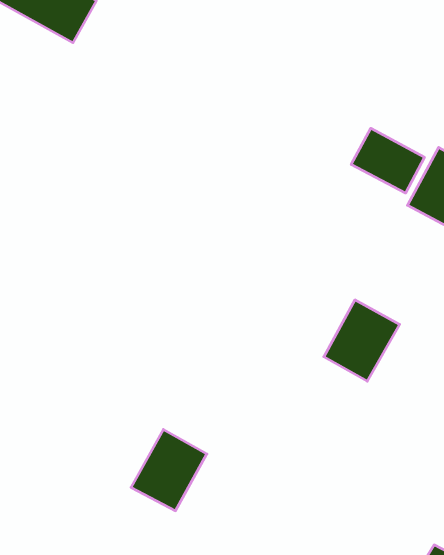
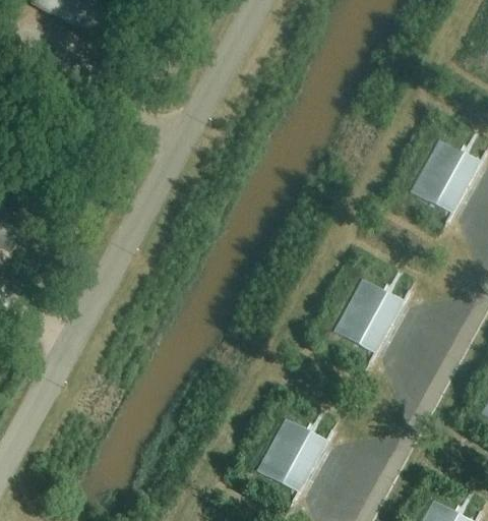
building: [351,128,424,193] -> none
building: [131,429,207,511] -> [257,418,326,493]

